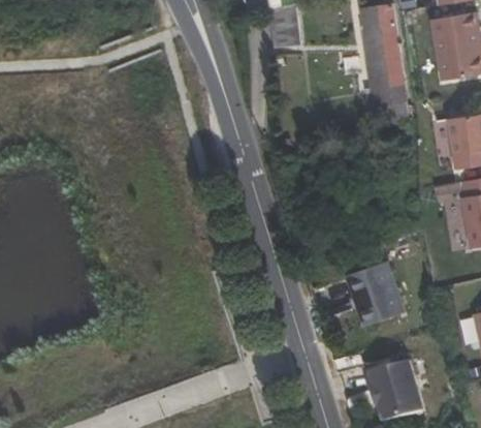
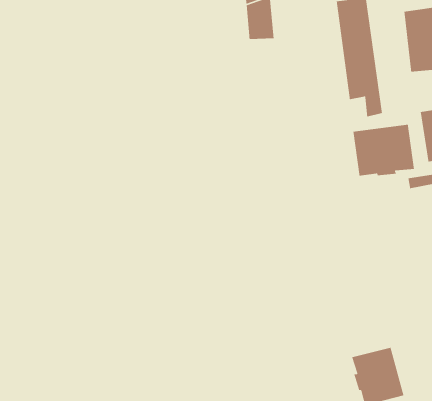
building: none -> [353,124,415,176]
building: [356,256,413,322] -> none

